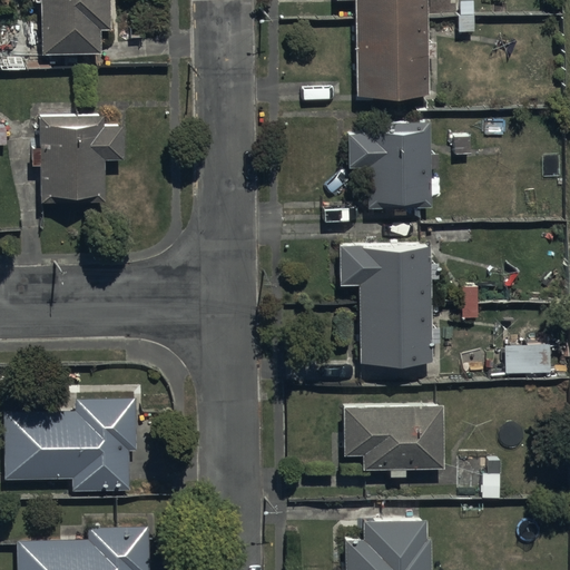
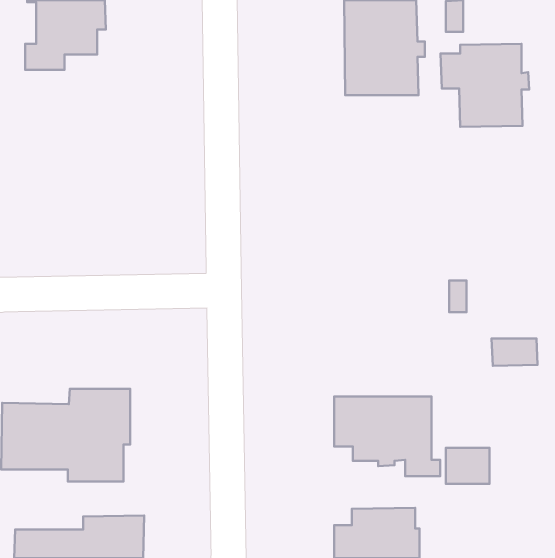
building: [39,114,124,203] -> none
building: [348,124,439,208] -> [441,44,529,127]
building: [337,245,439,364] -> none

